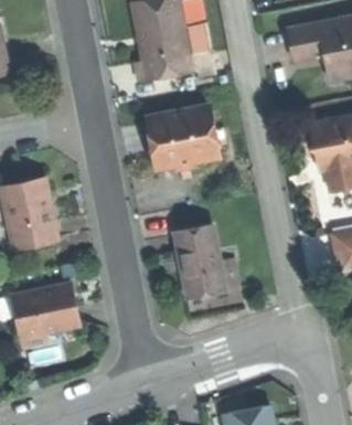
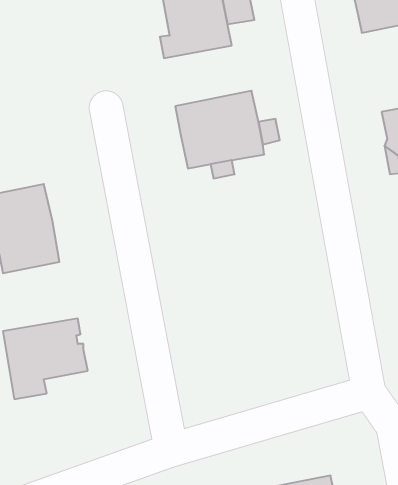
building: [173,224,224,299] -> none

